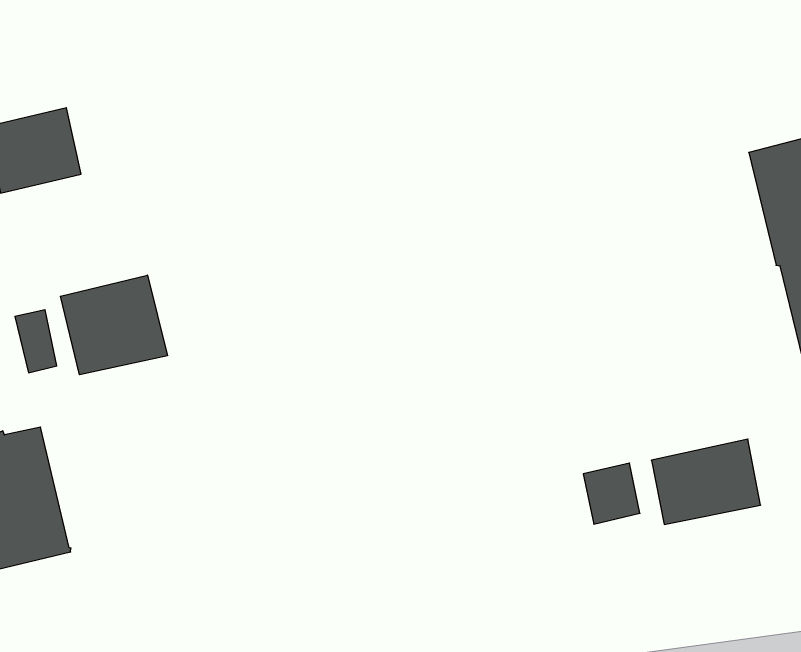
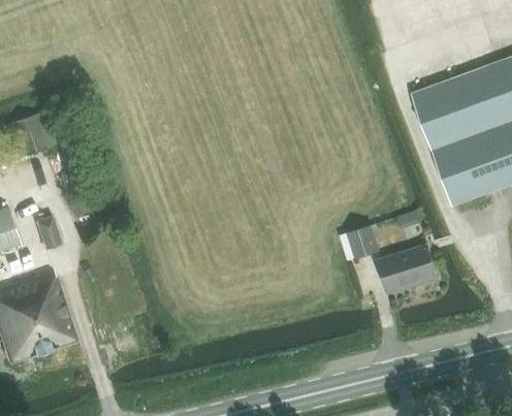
building: [60,275,167,375] -> none
building: [583,463,640,524] -> [348,225,380,259]

